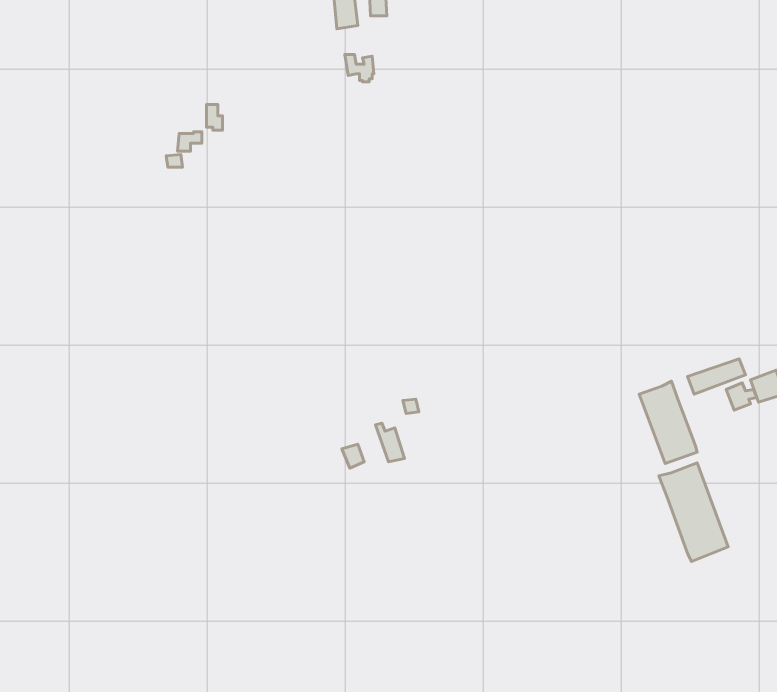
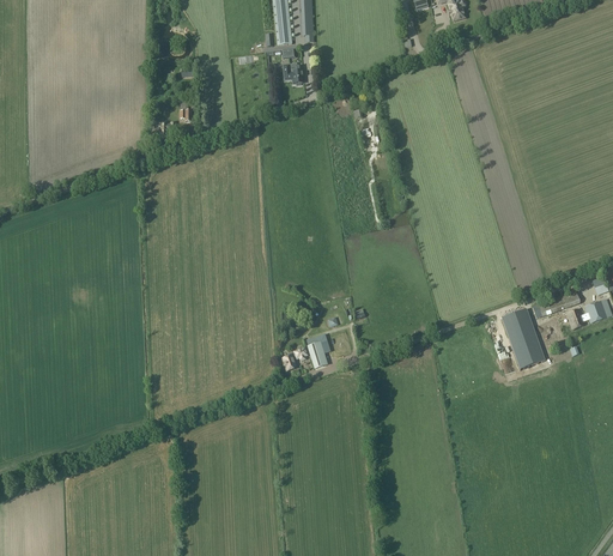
building: [659,463,728,562] -> none

